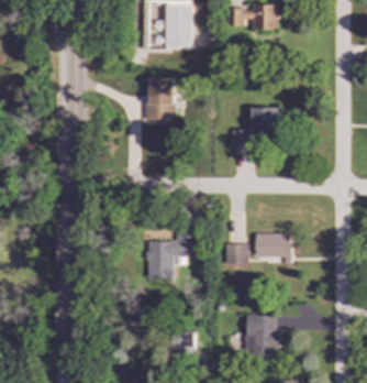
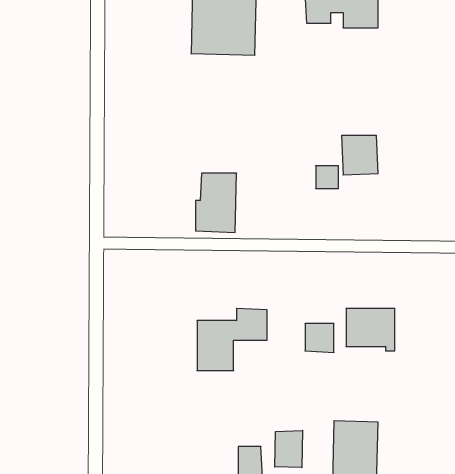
building: [146,77,176,120] -> [196,173,237,232]
building: none -> [275,430,303,468]

